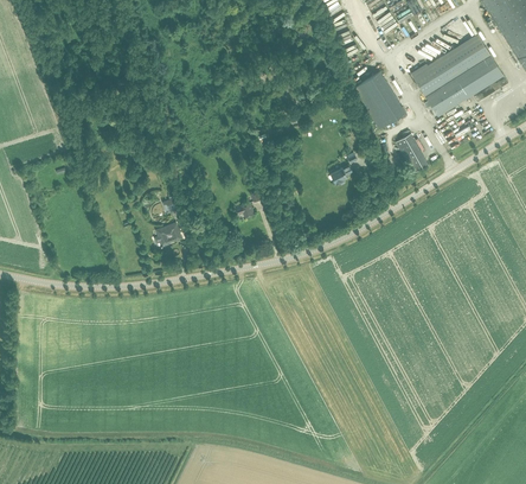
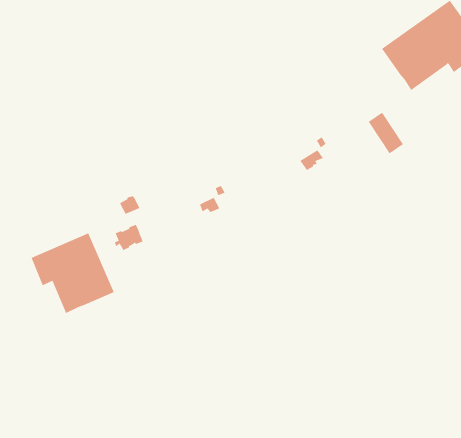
building: [354,70,405,128] -> none
building: none -> [31,232,115,314]

